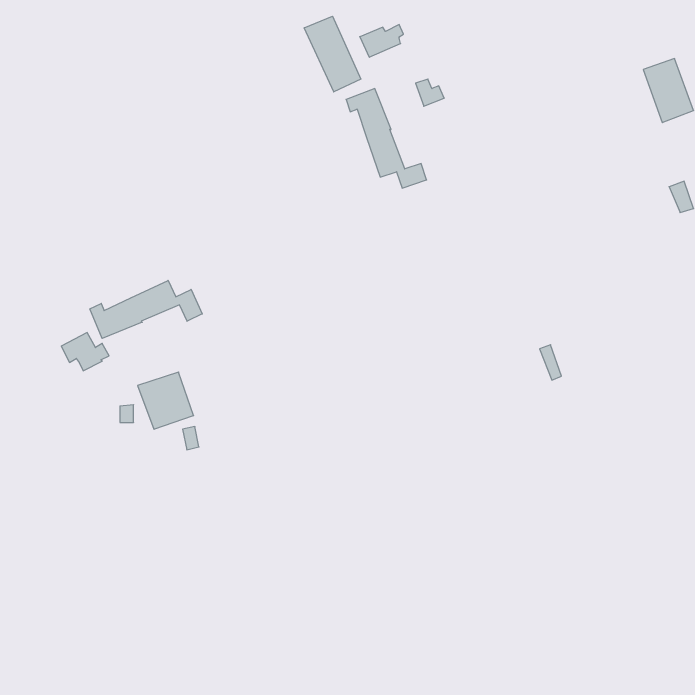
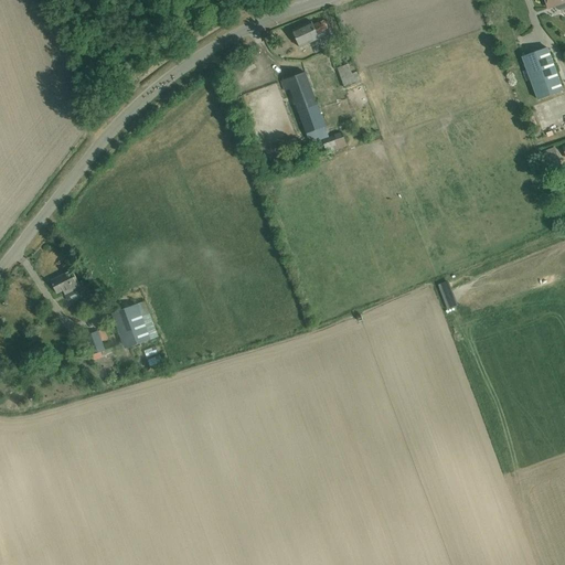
building: [304,16,361,92] -> none
building: [90,280,202,338] -> none

